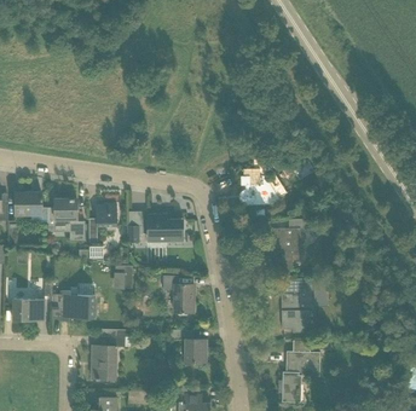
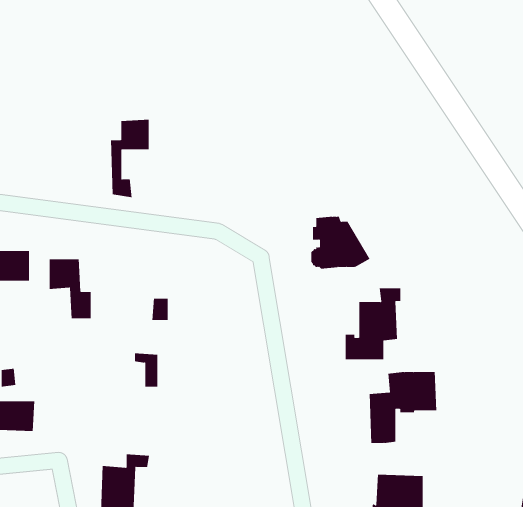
building: [88,204,116,260] -> [110,119,149,198]
building: [146,214,184,242] -> none
building: [162,274,193,312] -> none
building: [60,290,94,320] -> none
building: [169,329,206,364] -> none

